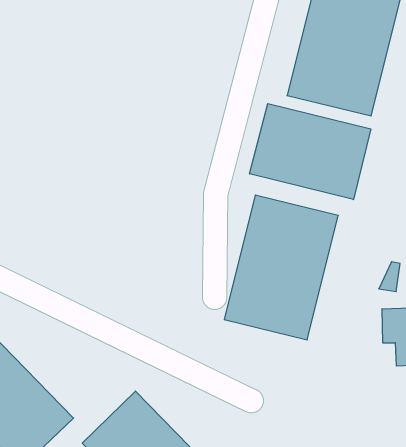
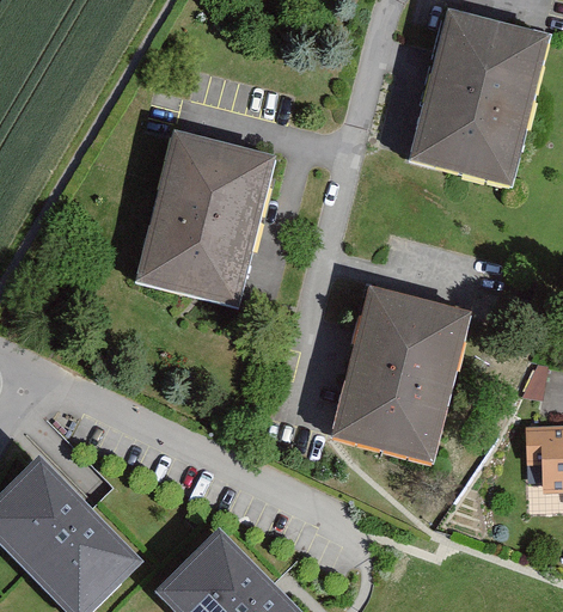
building: none -> [136,130,275,307]
building: [250,104,371,200] -> none

